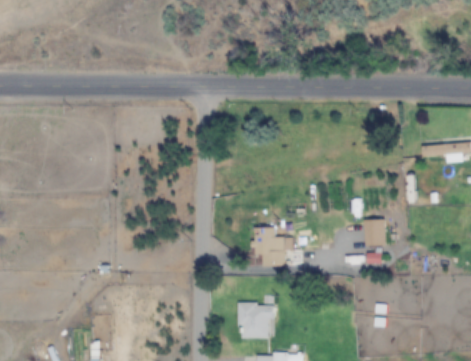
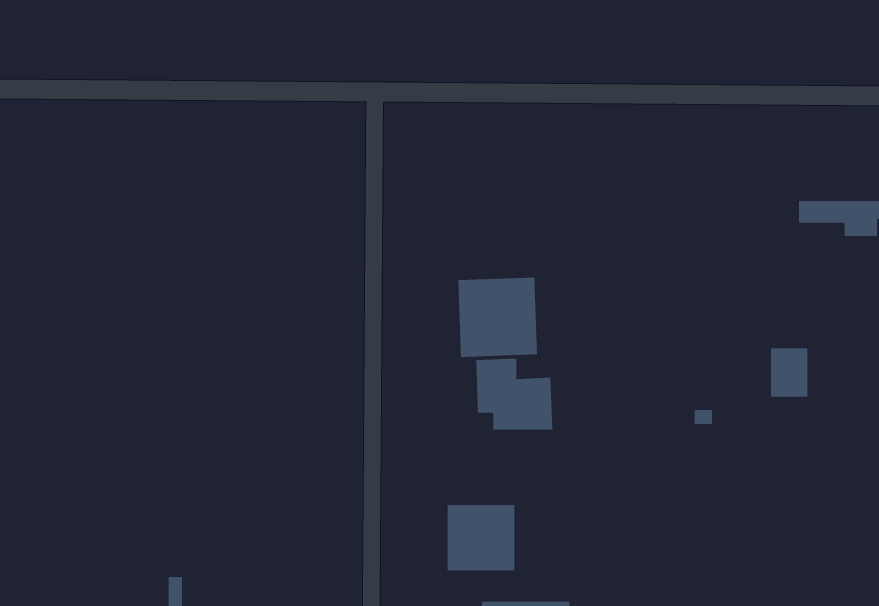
building: none -> [458,277,538,358]
building: [365,219,385,245] -> [770,348,808,397]

